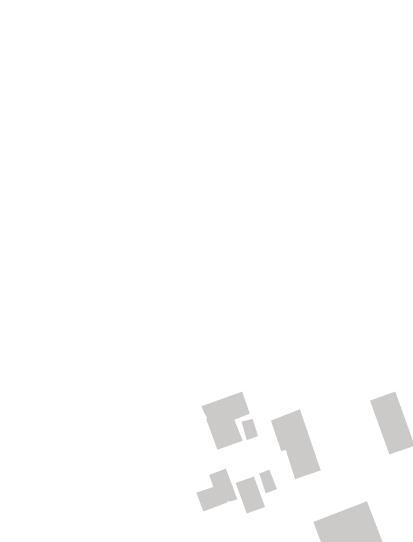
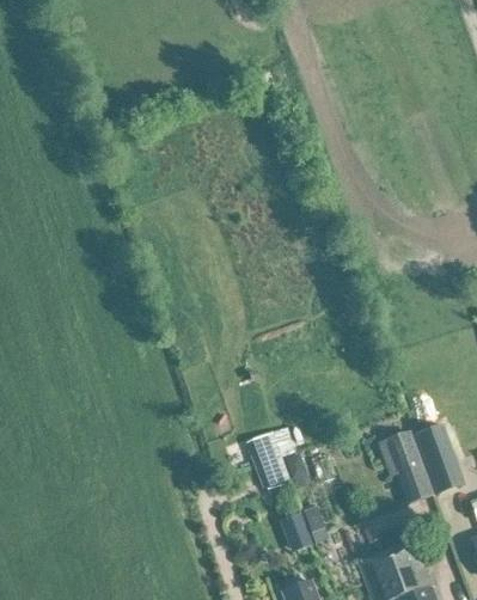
building: [270,408,322,480] -> [381,431,434,504]
building: [195,468,238,513] -> none

